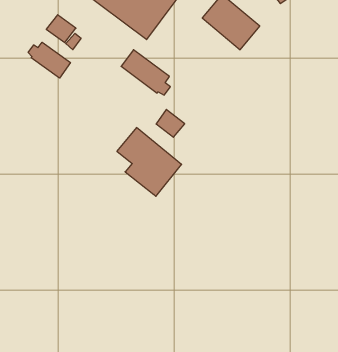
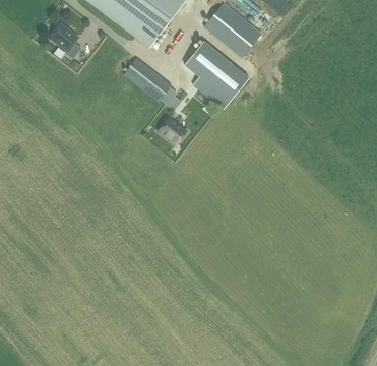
building: [28,42,70,78] -> none
building: [117,128,182,196] -> [184,40,248,108]

